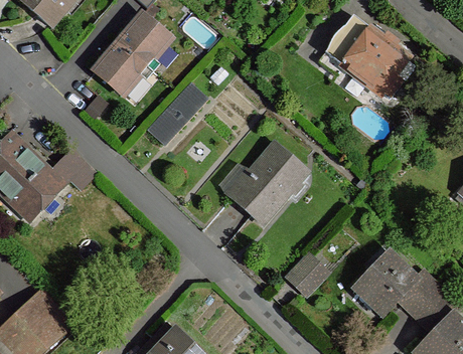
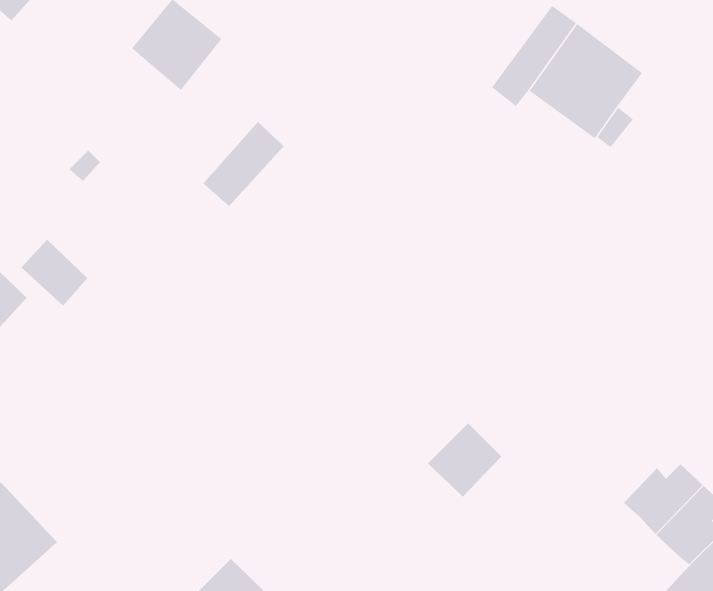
building: [94,42,147,95] -> none
building: [229,144,306,222] -> none
building: [357,253,416,312] -> none

